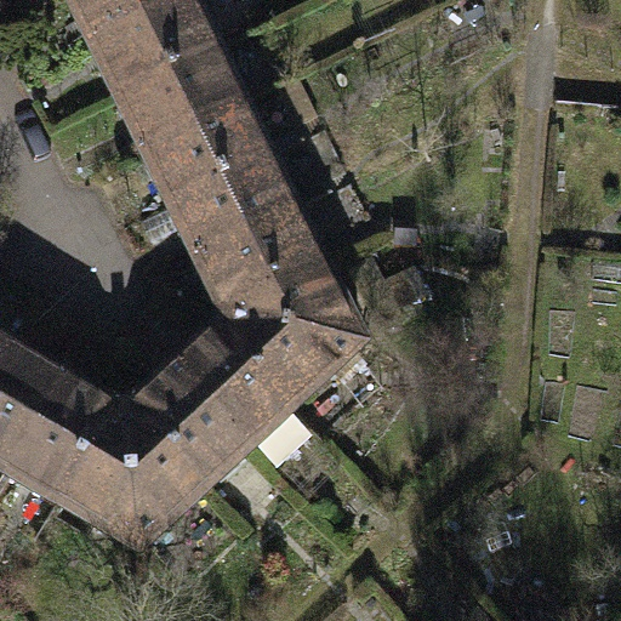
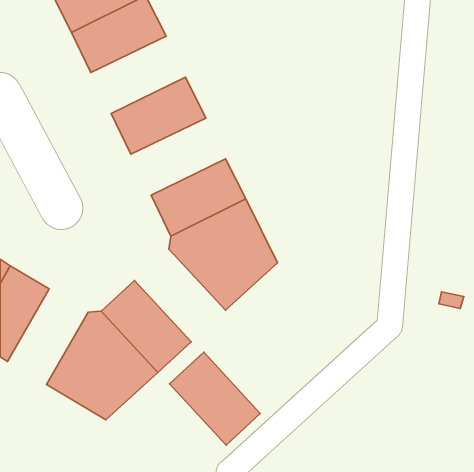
building: [119,47,243,148] -> none
building: [171,154,295,255] -> none
building: [176,325,295,446] -> [169,352,260,445]
building: [10,377,115,502] -> none

